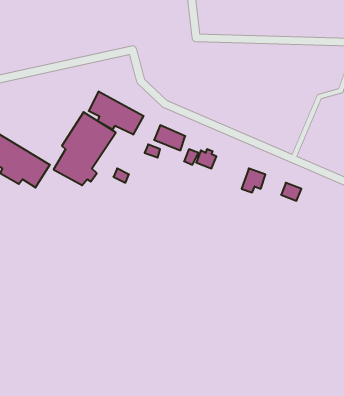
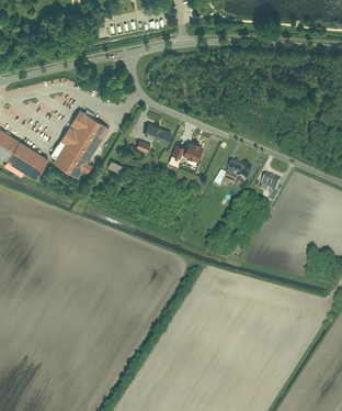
building: [89,91,144,135] -> none

